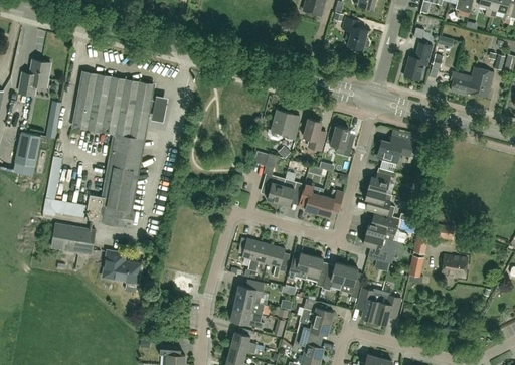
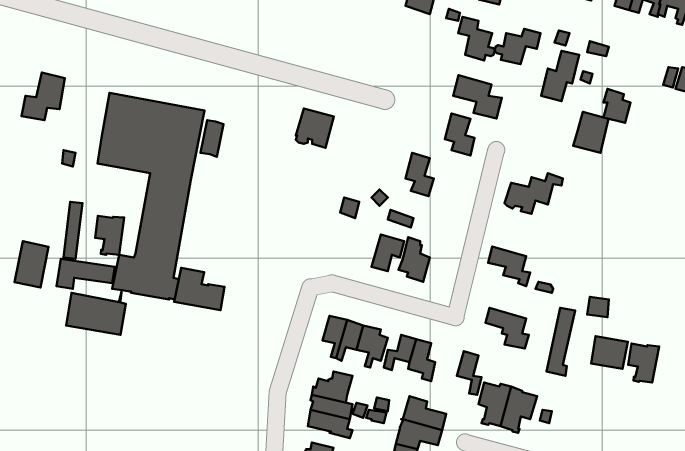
building: none -> [495,29,541,64]
building: none -> [453,75,502,119]
building: [467,67,493,98] -> [573,112,609,153]
building: [271,111,299,140] -> [296,108,334,148]
building: [330,126,352,157] -> [445,113,475,155]
building: [15,133,40,167] -> [15,241,49,288]
building: none -> [95,216,124,255]
building: [367,169,395,193] -> none
building: [263,174,285,203] -> none
building: [316,190,343,217] -> none
building: [365,218,398,241] -> none
building: [103,251,140,283] -> [174,268,224,310]
building: none -> [628,344,659,382]
building: [321,262,346,291] -> none

